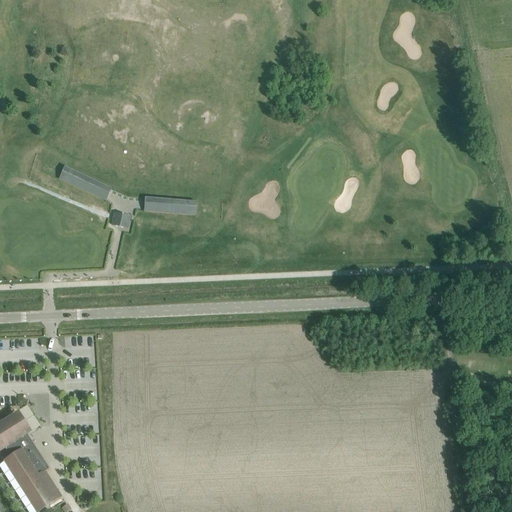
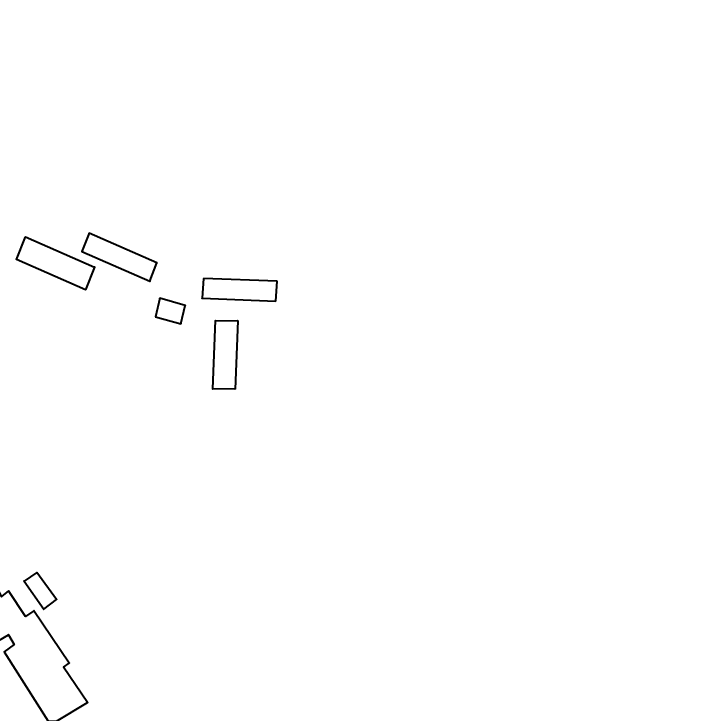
building: none -> [16,237,95,290]
building: none -> [213,321,238,389]

